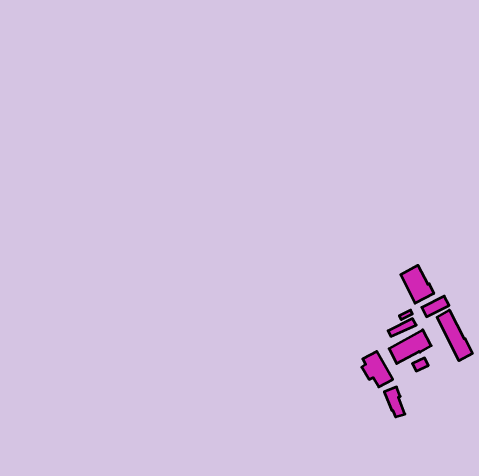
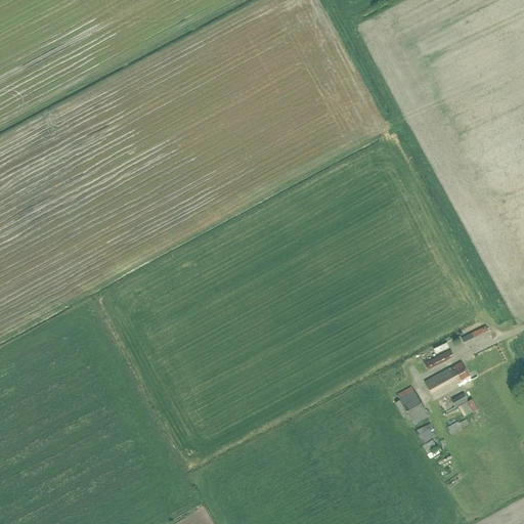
building: [401,265,434,303] -> none
building: [437,310,472,361] -> none

